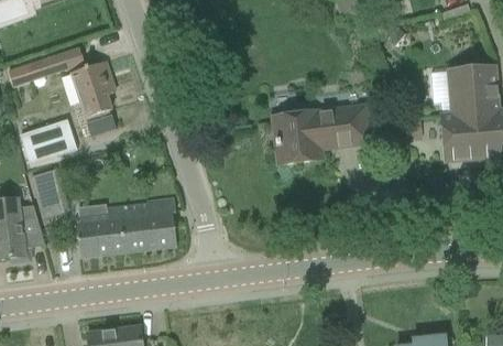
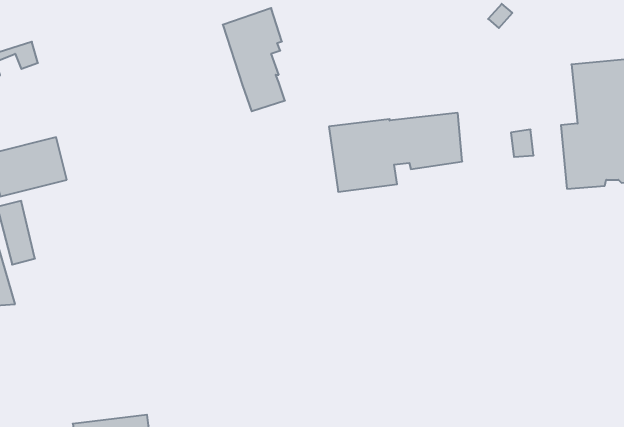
building: [70,60,116,134] -> [223,8,285,111]
building: [76,201,176,257] -> none

